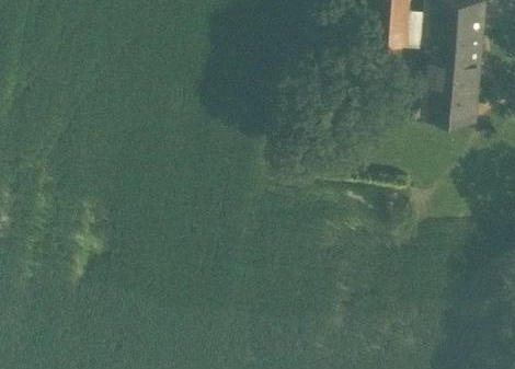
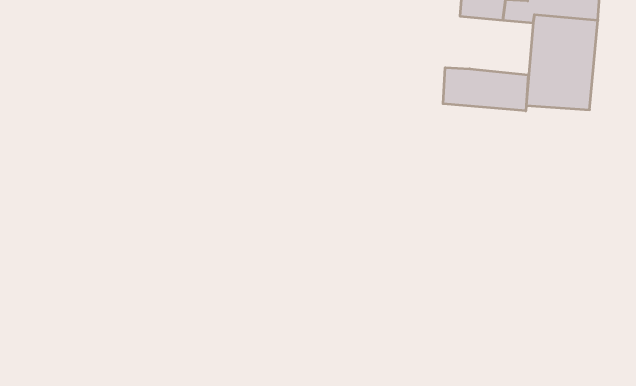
building: none -> [443,68,528,111]

